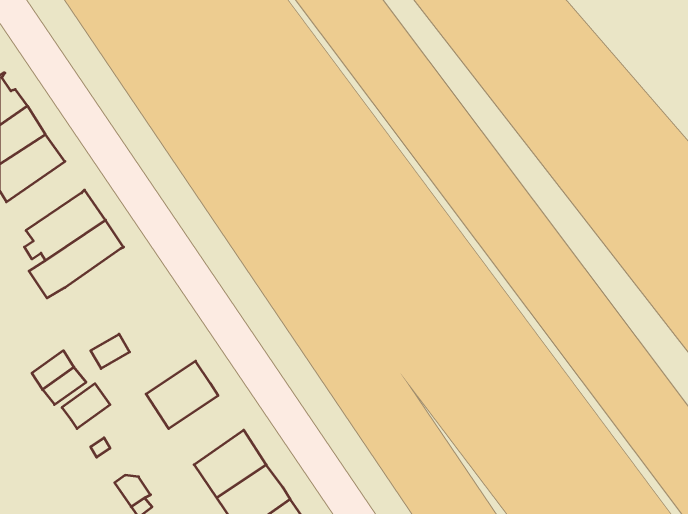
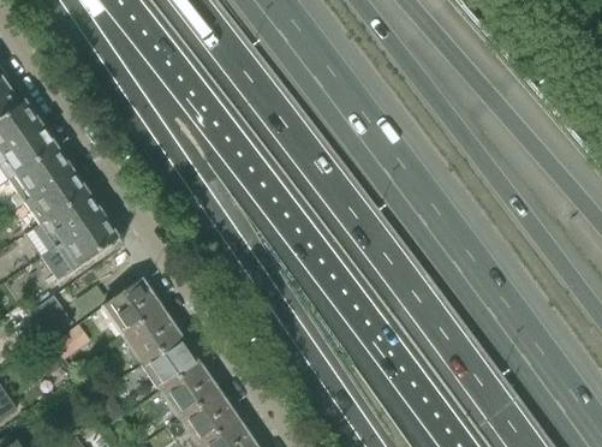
building: none -> [8,145,71,205]
building: none -> [55,214,119,270]
building: none -> [102,279,160,332]
building: none -> [138,333,198,388]

